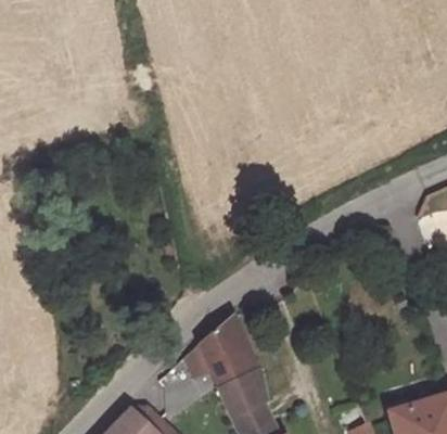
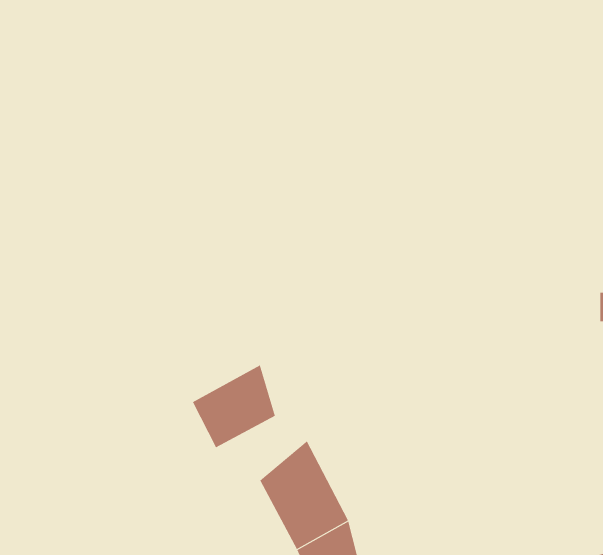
building: none -> [192,364,275,448]

